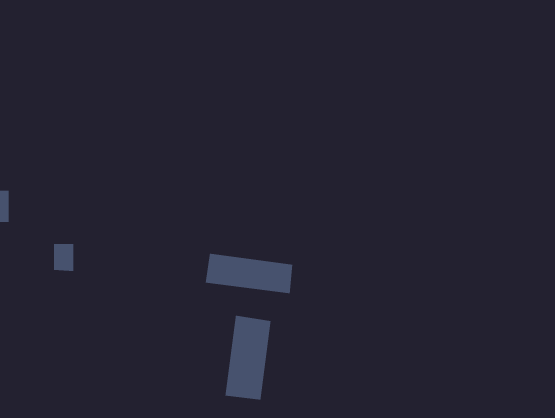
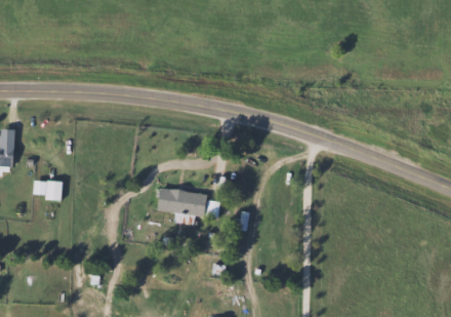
building: [225,315,271,401] -> none

